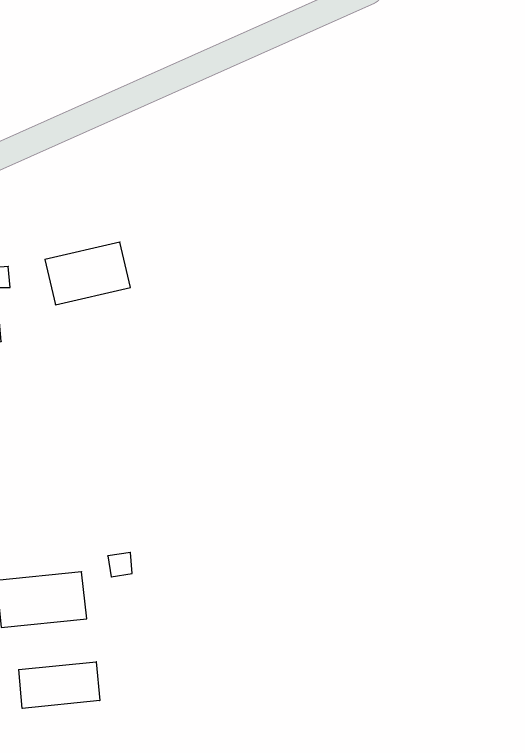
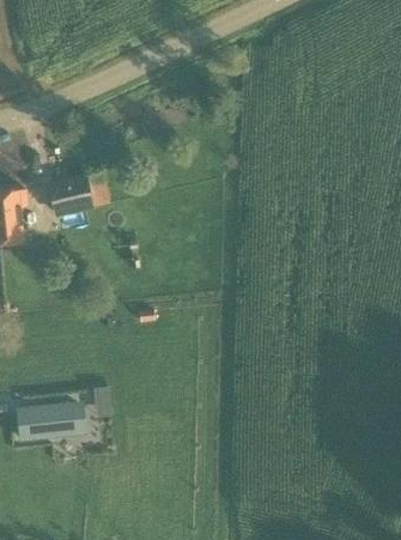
building: [19,662,100,708] -> none

